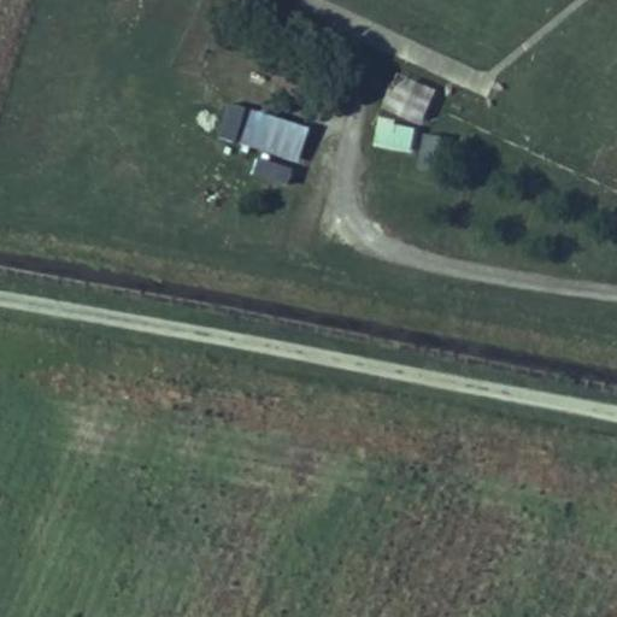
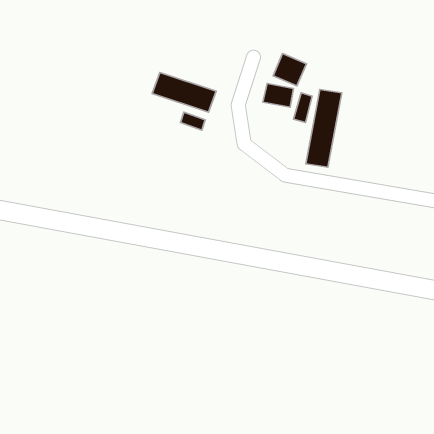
building: none -> [306,89,342,167]

